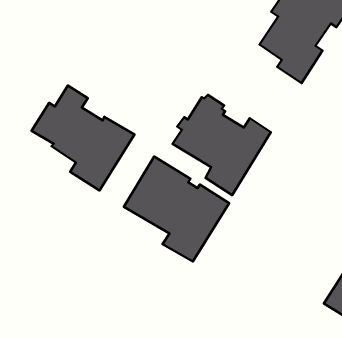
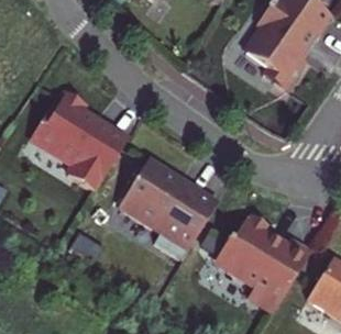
building: [173,95,271,195] -> [219,215,311,310]

